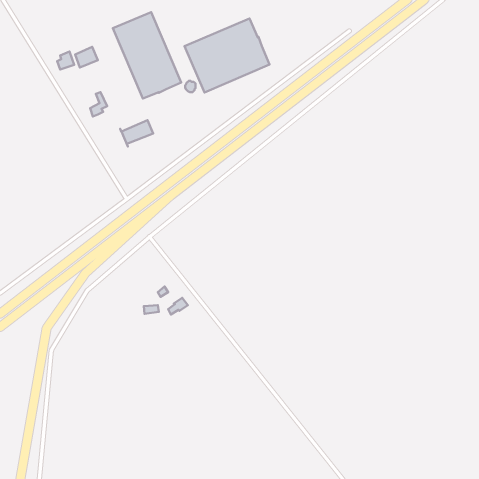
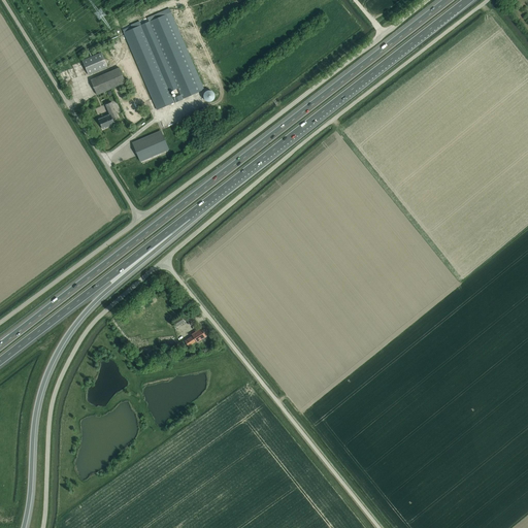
building: [184,18,270,92] -> none
building: none -> [92,66,127,94]

